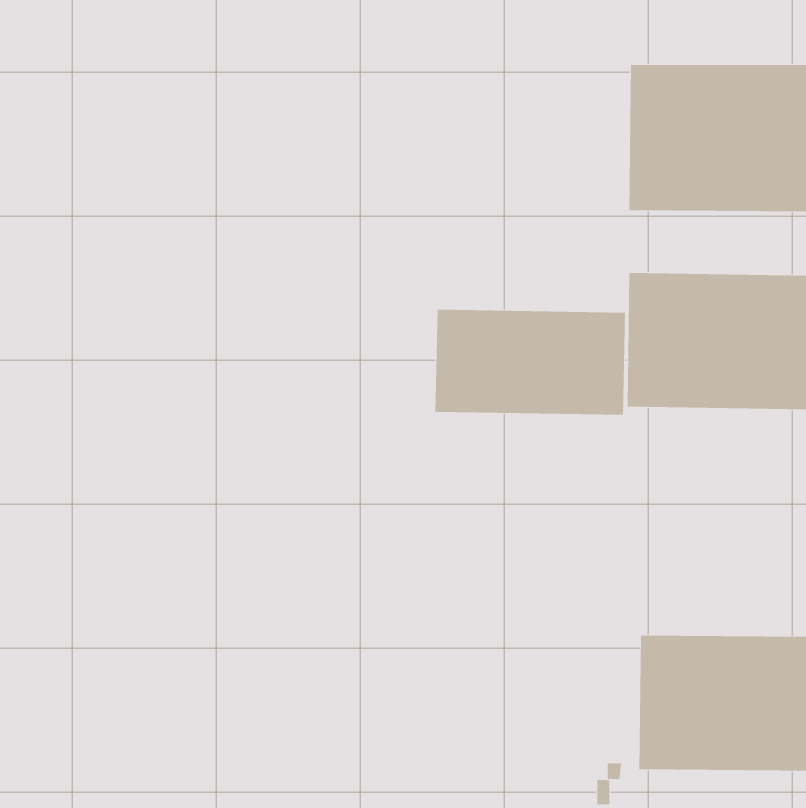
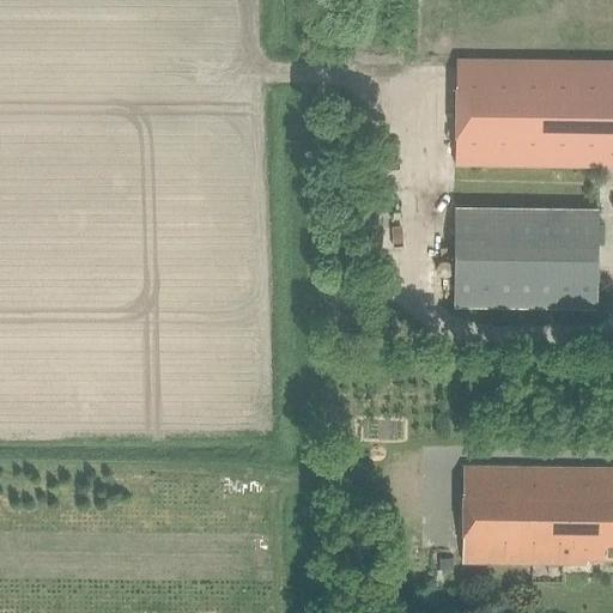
building: [435,309,626,416] -> none

